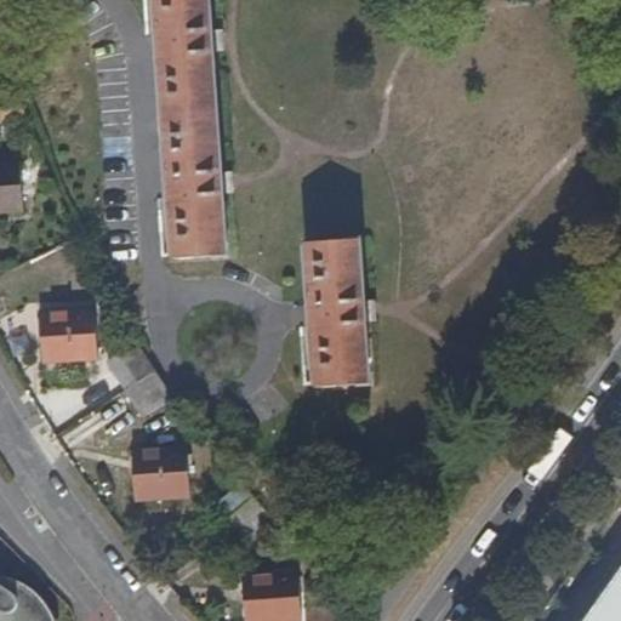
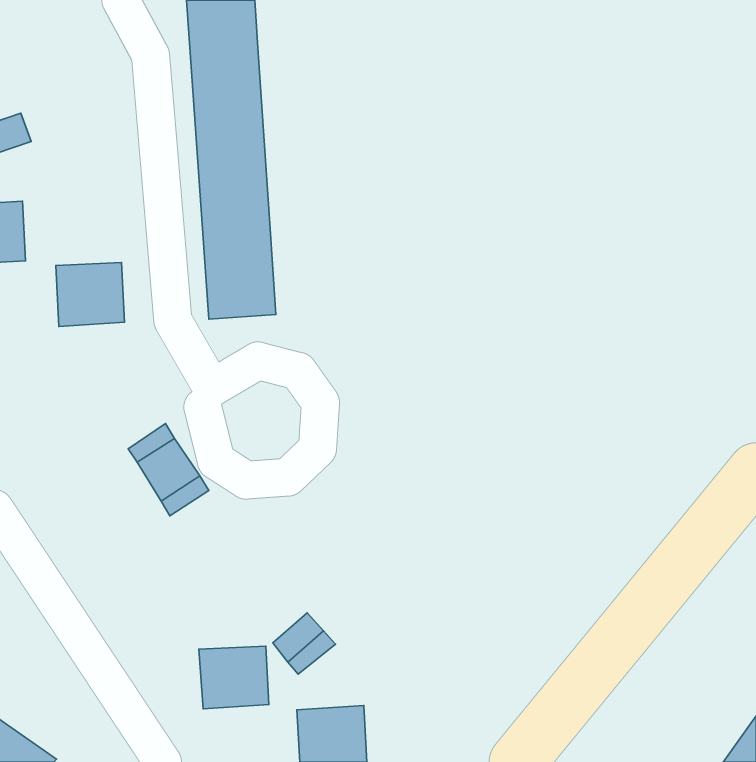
building: [303,240,366,387] -> none
building: [39,312,95,364] -> [56,262,124,327]
building: [130,449,187,500] -> [199,646,269,709]

